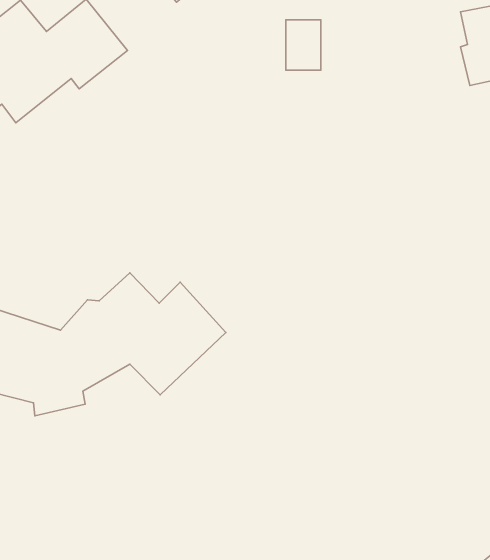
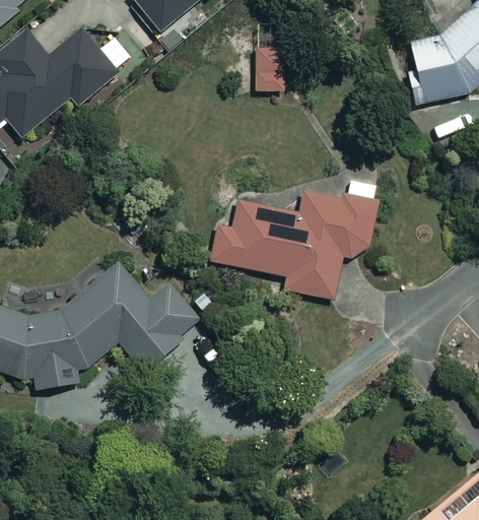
building: none -> [210,178,381,300]

